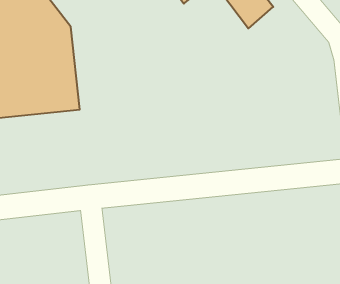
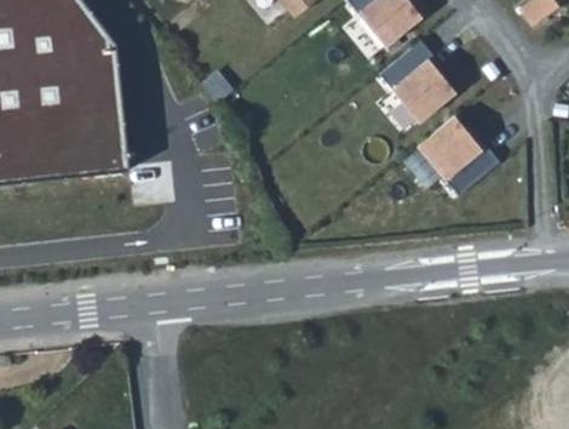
building: none -> [378,45,456,128]
building: none -> [416,118,495,201]

